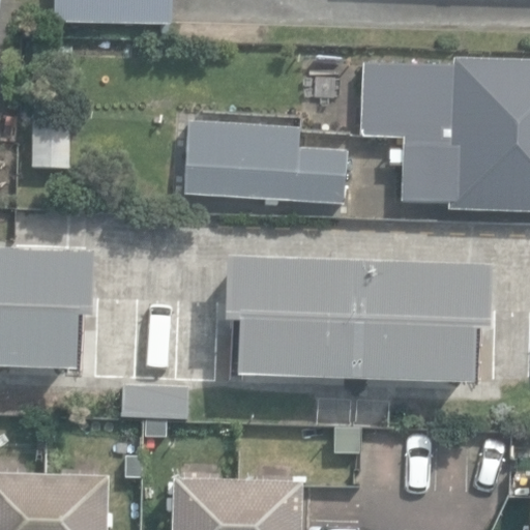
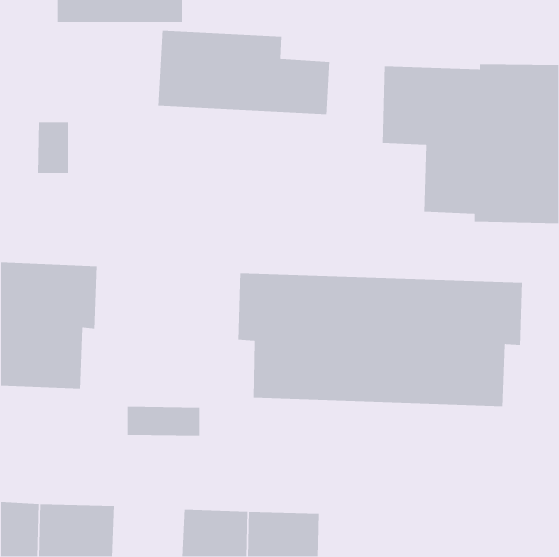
building: [183,121,347,202] -> [157,30,330,115]

